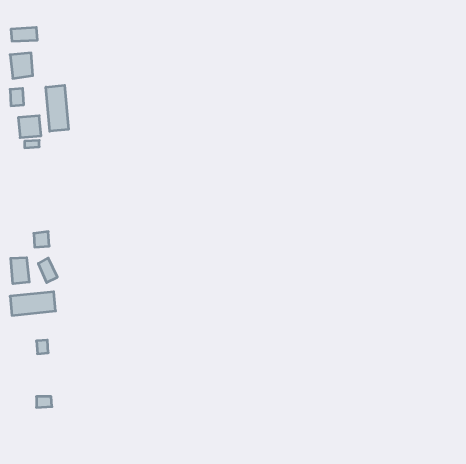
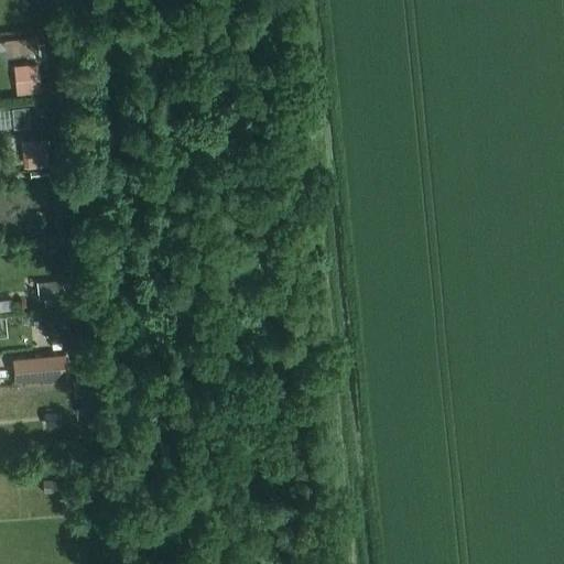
building: [46,85,68,131] -> none
building: [11,258,29,284] -> none

